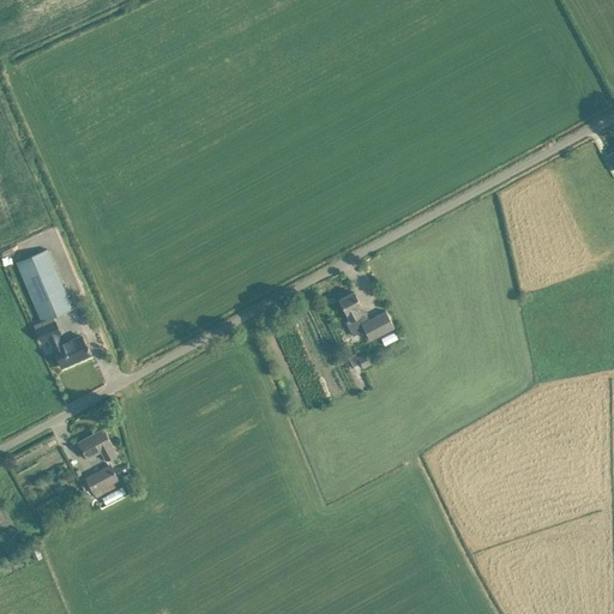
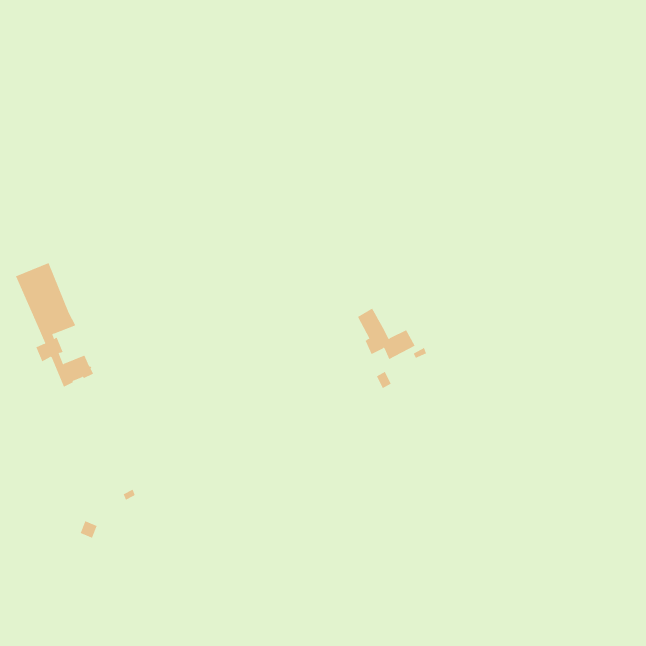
building: [77,429,114,462] -> none
building: [84,466,116,499] -> none

